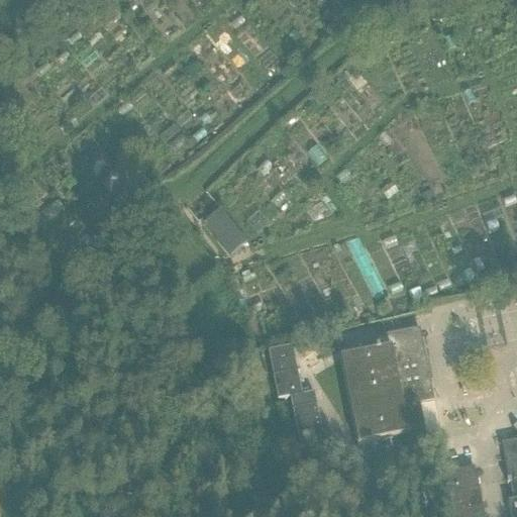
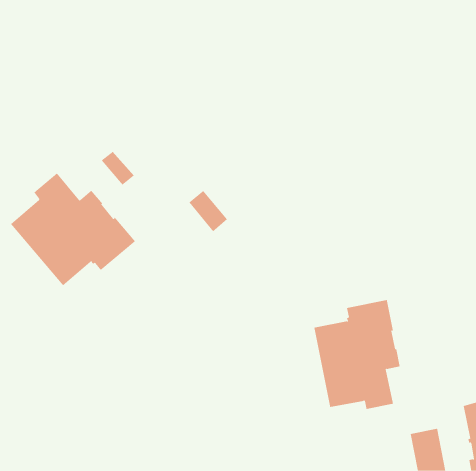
building: none -> [10,172,136,286]
building: [269,342,324,442] -> none

